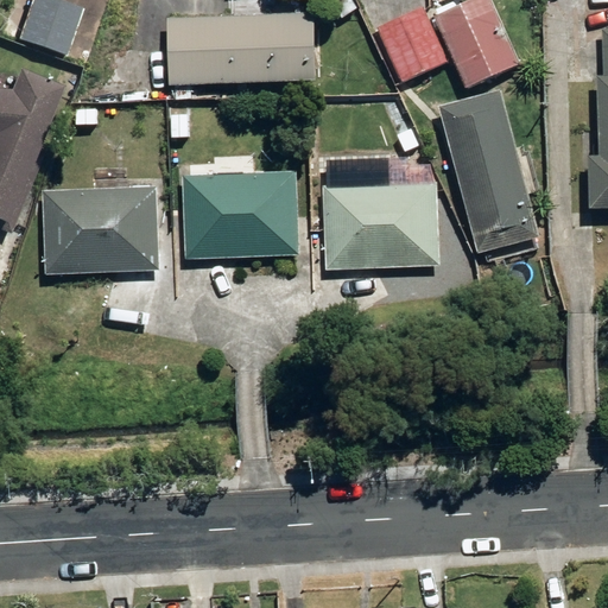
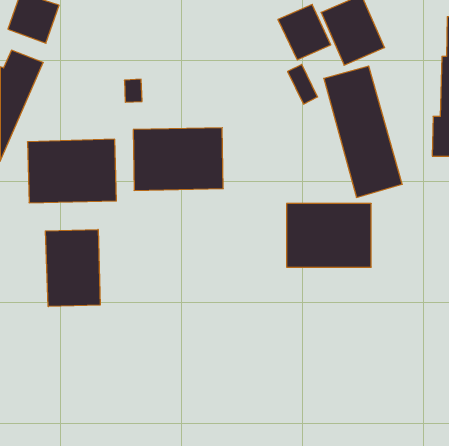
building: [163,13,310,88] -> none
building: [324,180,438,266] -> [287,204,371,267]
building: none -> [45,229,100,307]

